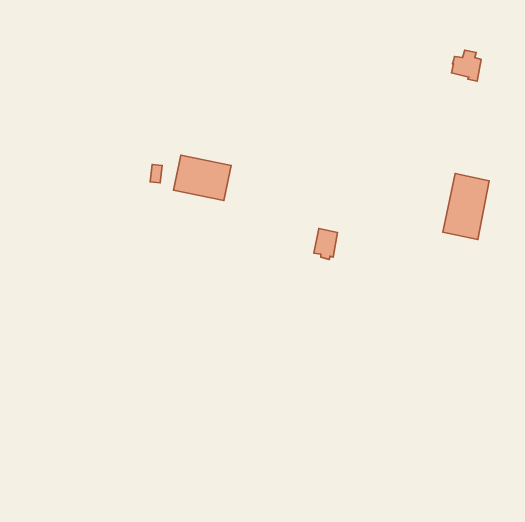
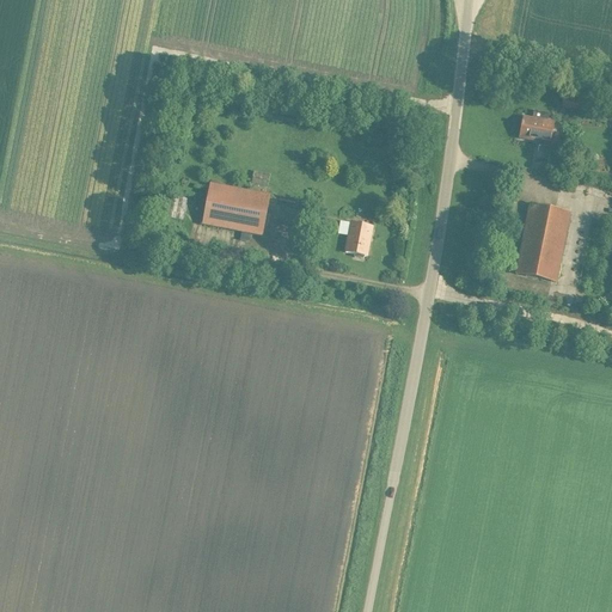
building: [451,50,481,81] -> [519,108,553,143]
building: [314,229,337,259] -> [344,220,372,256]

